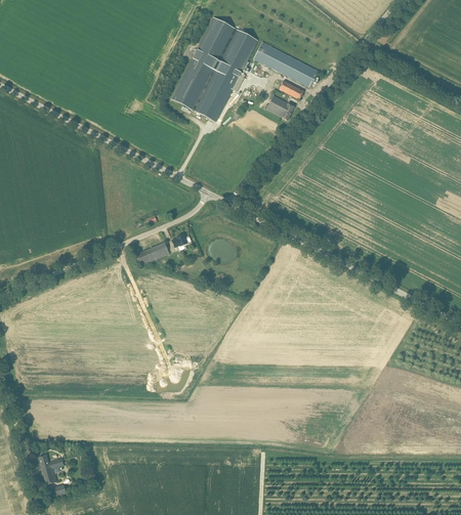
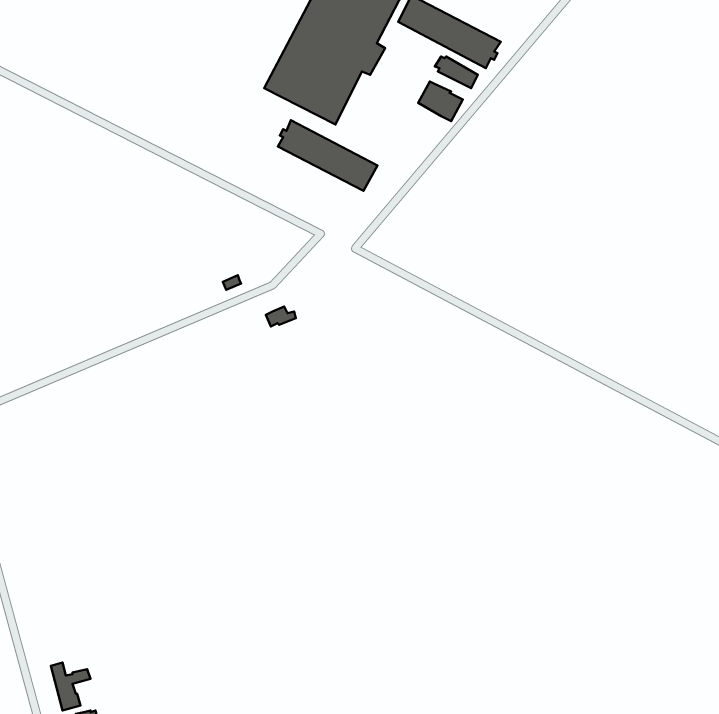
building: none -> [278,120,377,191]
building: [136,242,170,265] -> none

